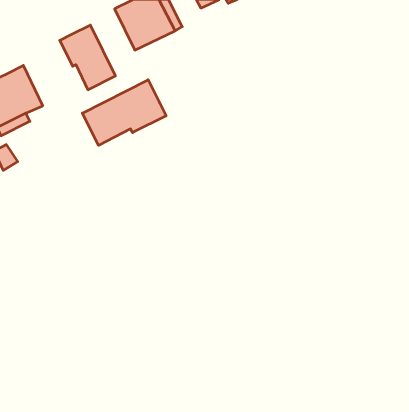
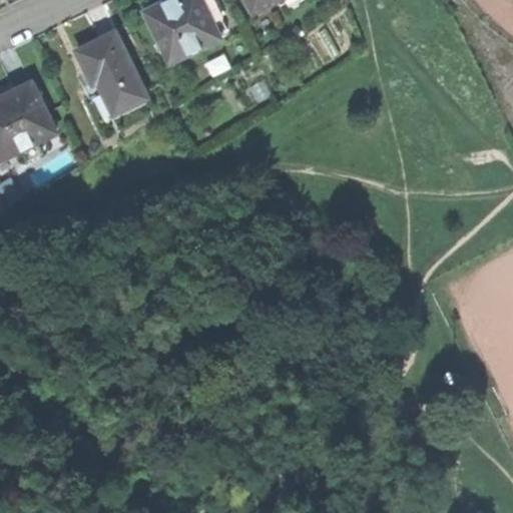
building: [82,80,166,145] -> none

